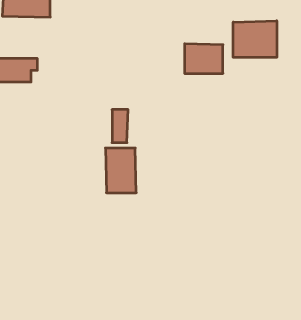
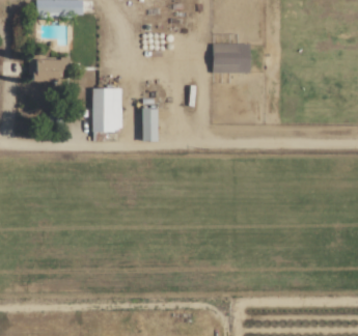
building: [233,21,277,57] -> none
building: [105,148,136,193] -> [91,88,121,132]

